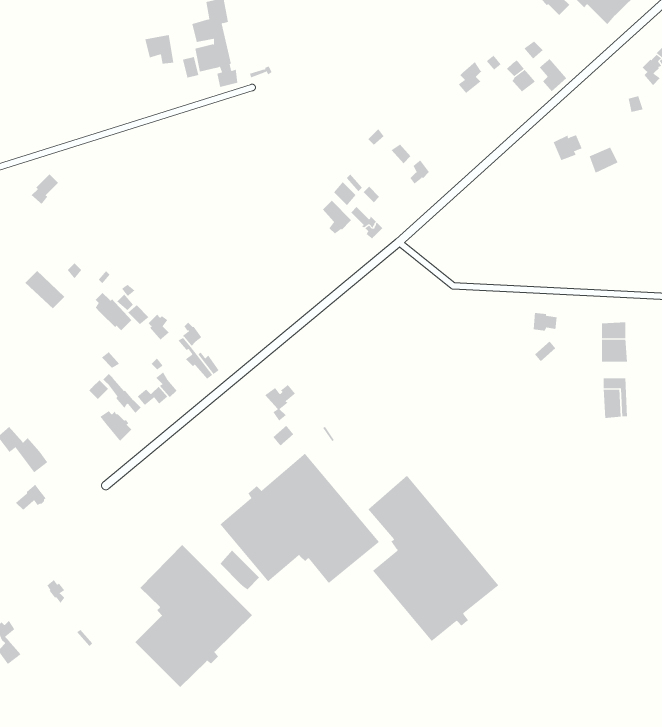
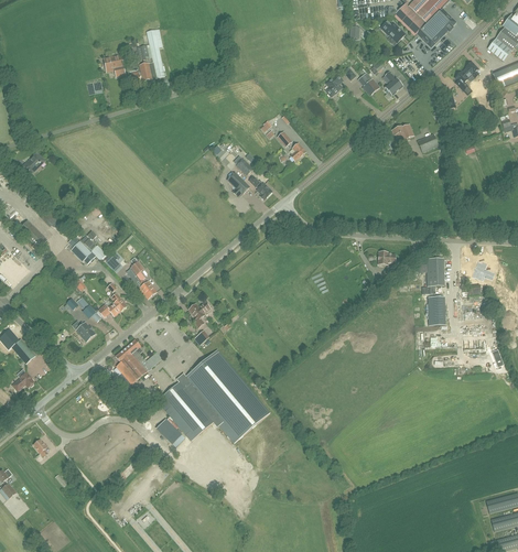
building: none -> [115,339,161,383]
building: [368,475,499,642] -> none
building: [134,544,253,688] -> none

